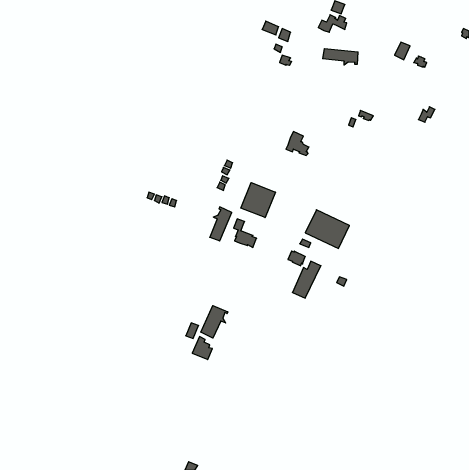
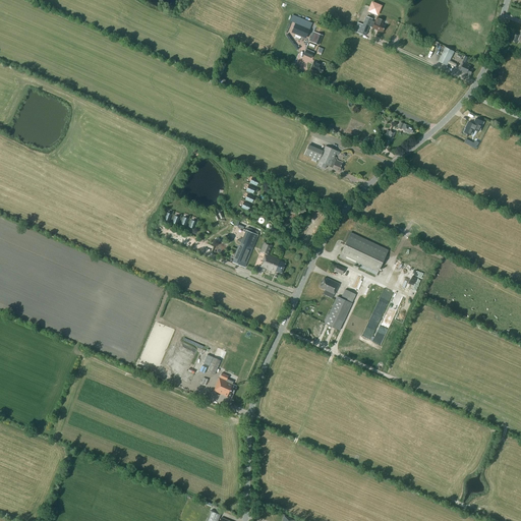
building: [323,49,358,65] -> none
building: [241,183,275,218] -> none
building: [201,306,228,338] -> none

